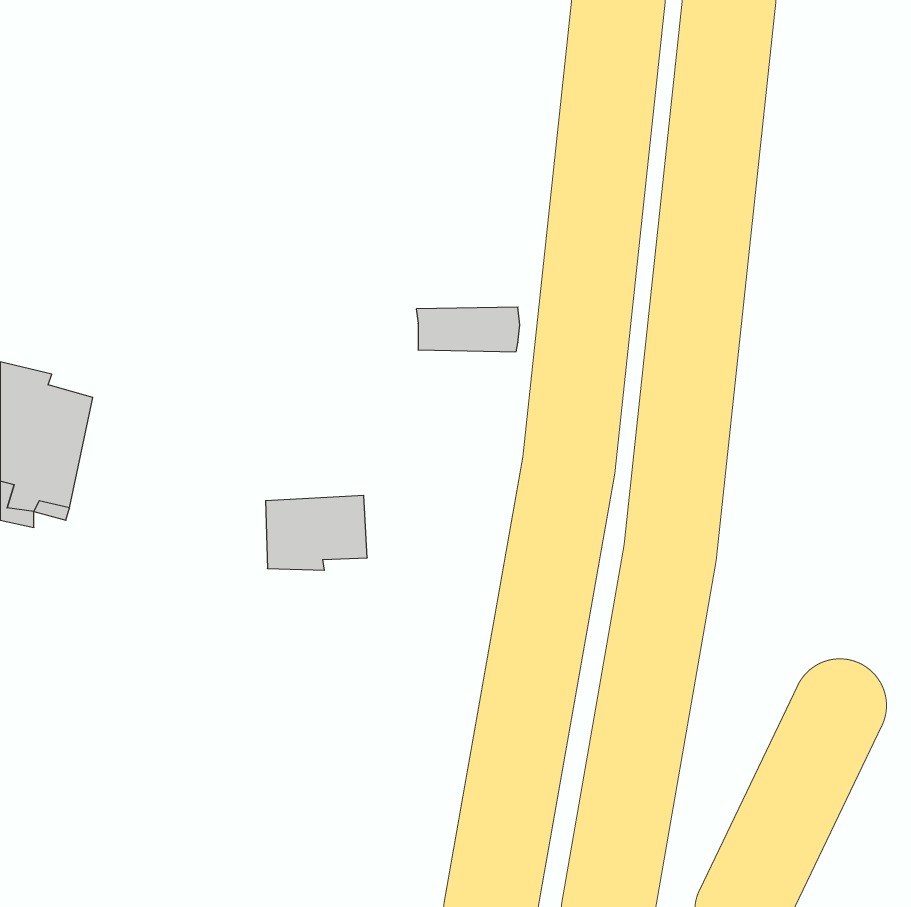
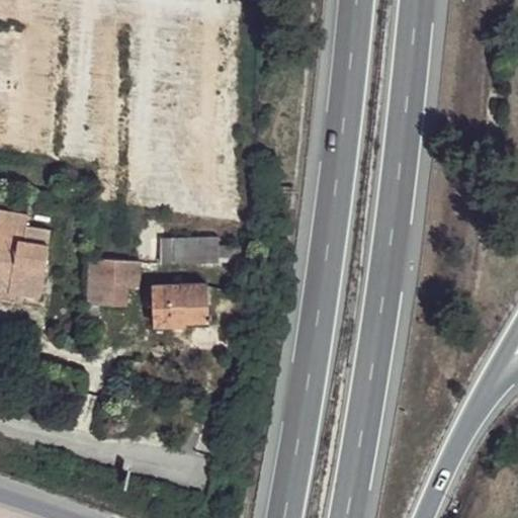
building: [416,307,520,352] -> [159,238,218,263]
building: none -> [89,257,139,307]

